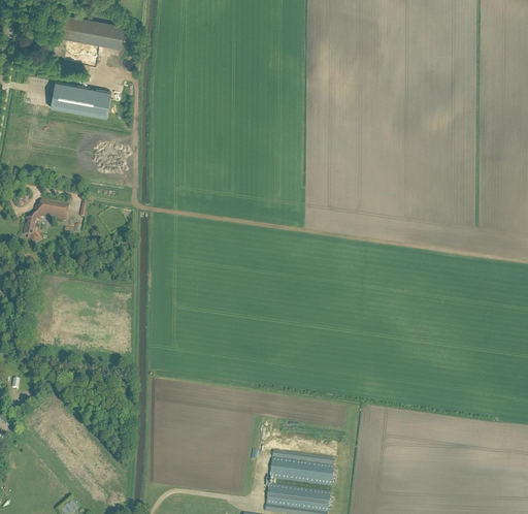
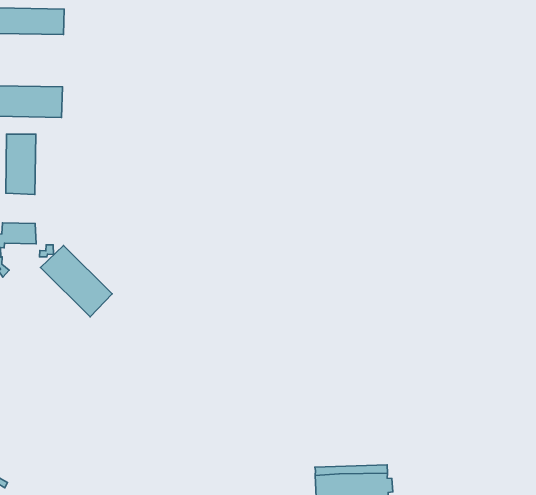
building: none -> [6,134,36,194]
building: none -> [41,245,112,317]

